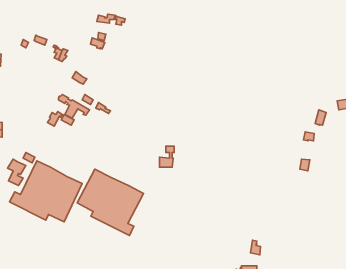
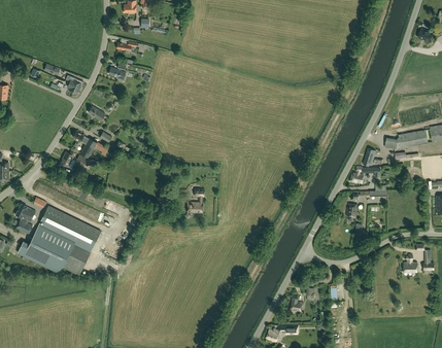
building: [77,169,143,236] -> none

